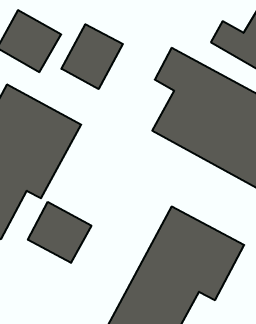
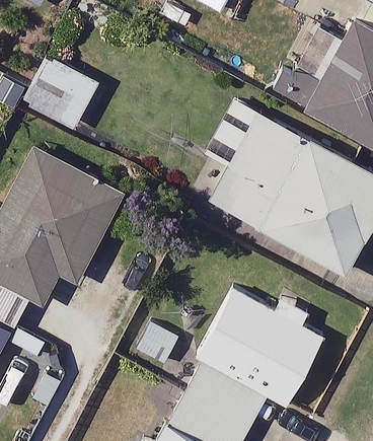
building: [61,24,123,89] -> none
building: [28,202,91,263] -> none

